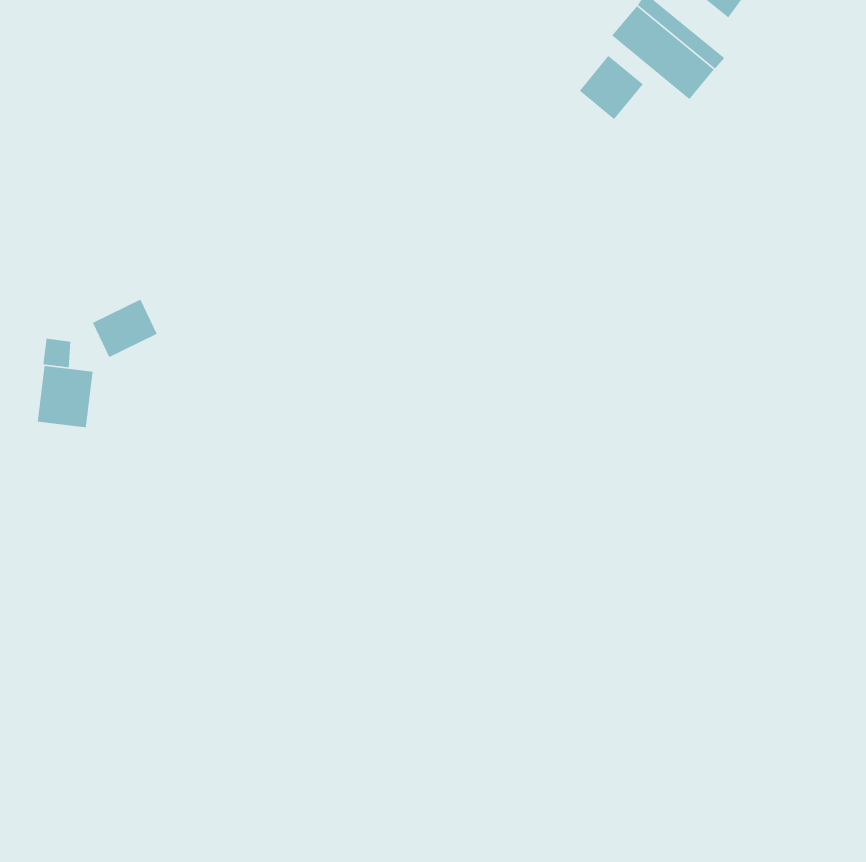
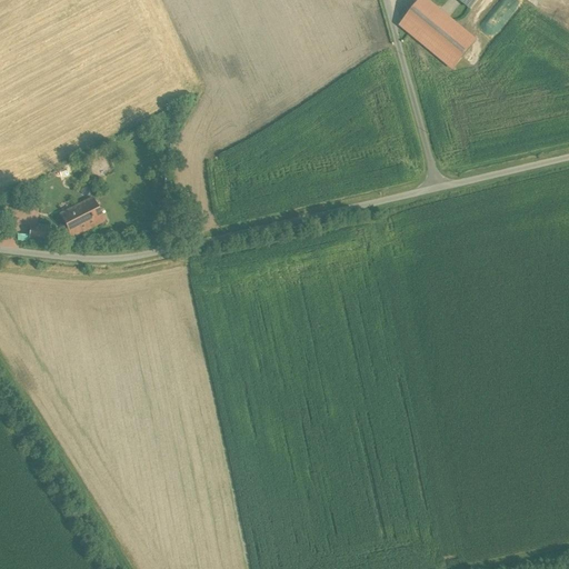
building: [579,55,644,120] -> none
building: [37,365,94,428] -> none

